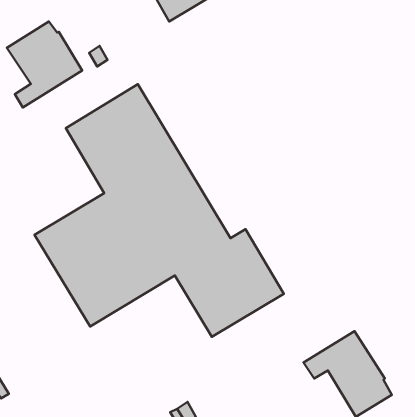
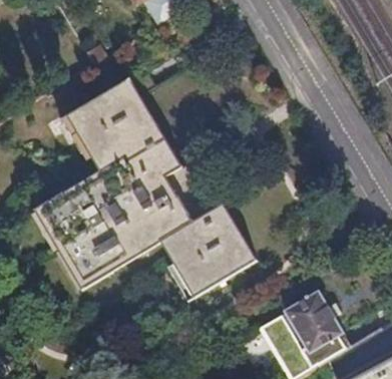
building: [7,22,82,107] -> none

